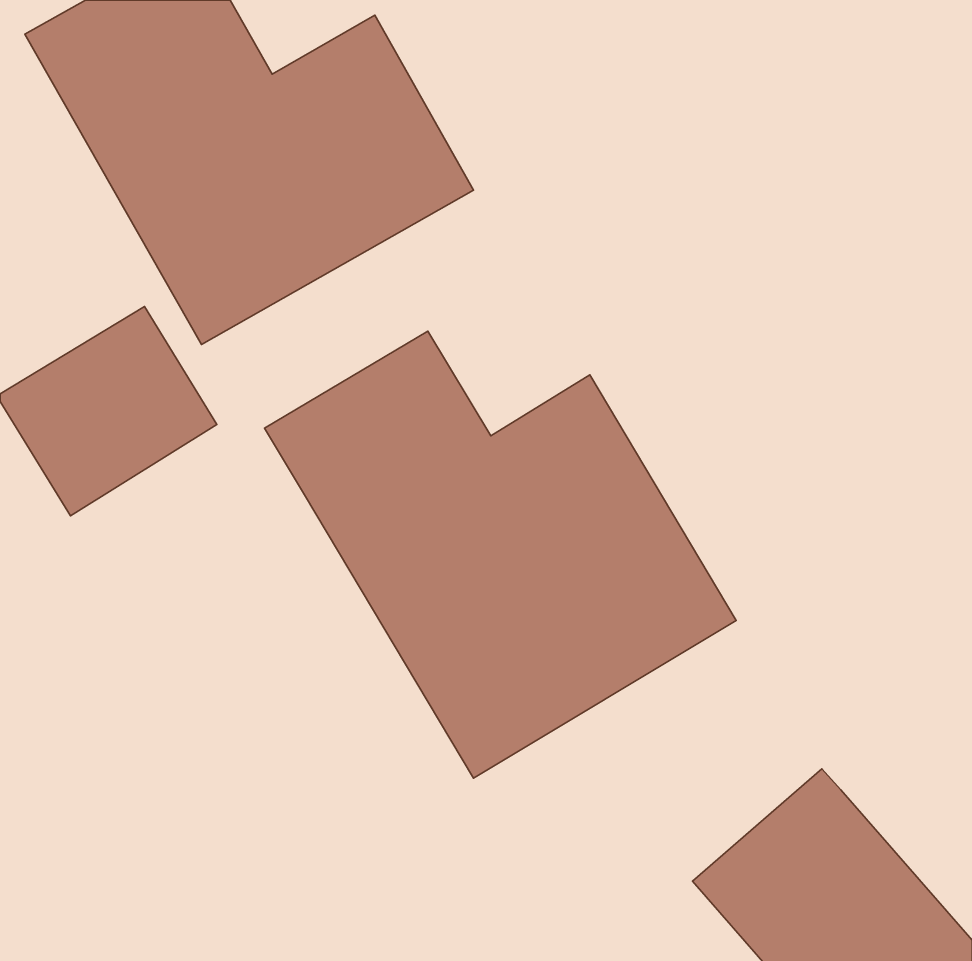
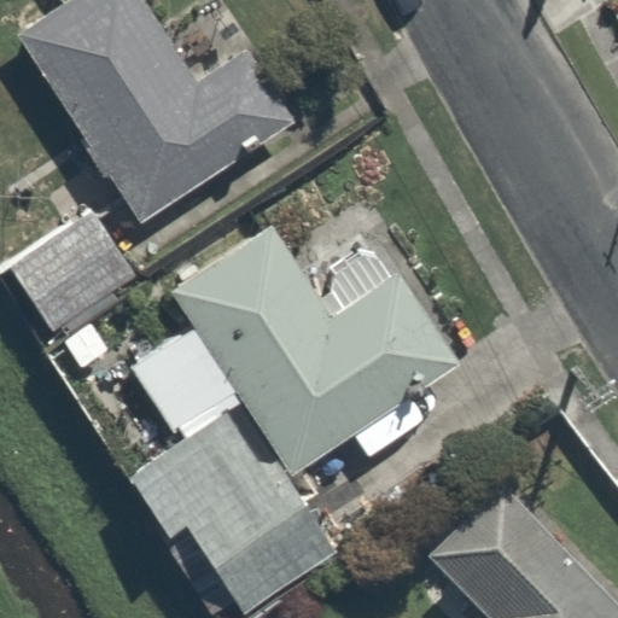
building: none -> [127,321,332,606]

